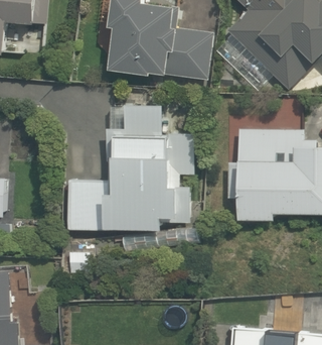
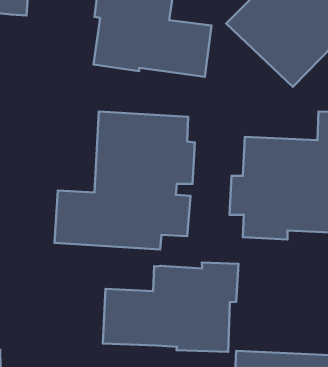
building: none -> [103,262,238,352]

